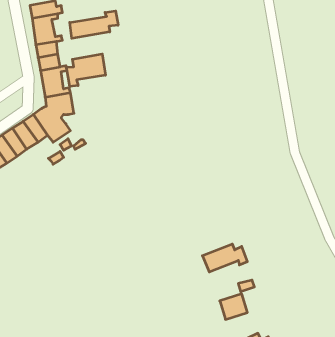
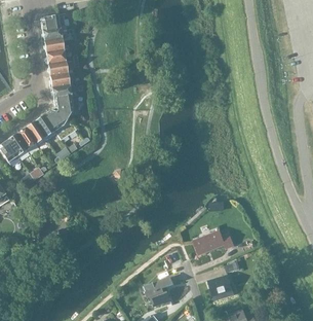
building: [70,11,118,38] -> none
building: [66,54,105,87] -> none
building: none -> [143,276,173,306]

